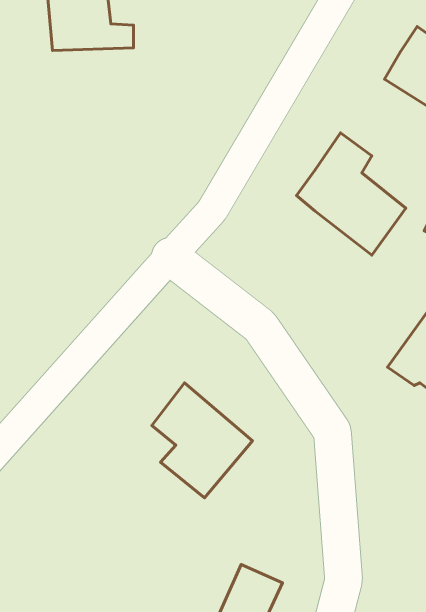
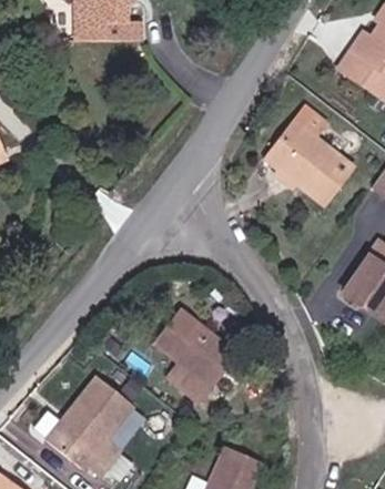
building: none -> [53,377,139,475]

